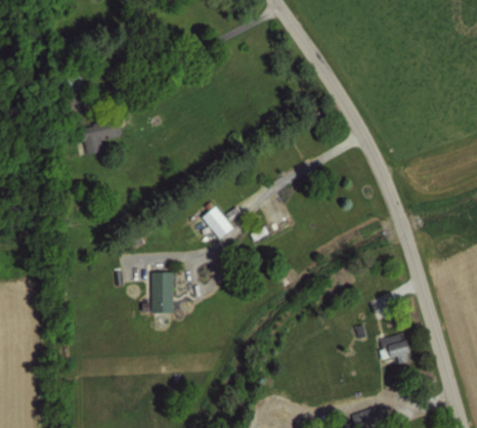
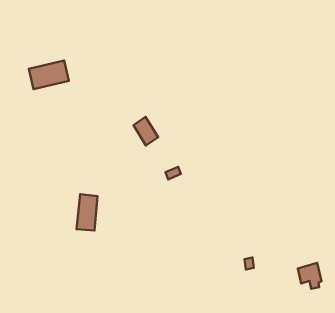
building: [202,208,232,242] -> [133,117,158,145]
building: [382,333,411,365] -> [298,263,321,289]

